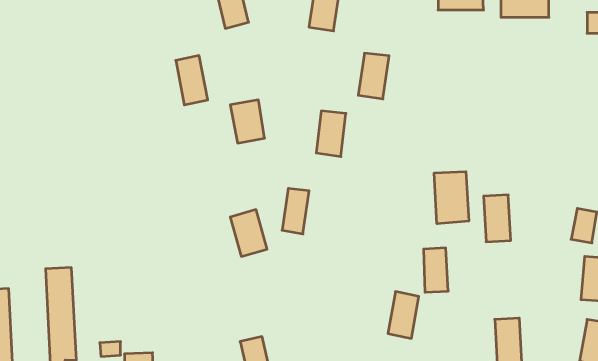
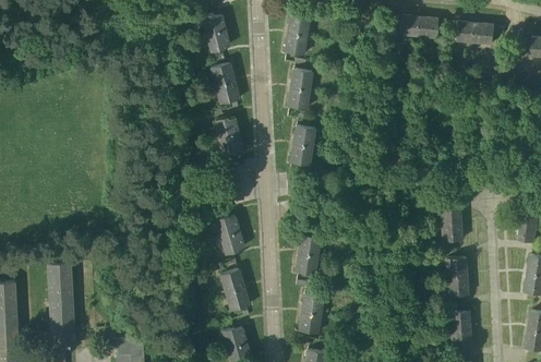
building: [358,53,389,99] -> [286,69,313,109]
building: [176,56,208,105] -> [209,61,238,105]
building: [434,172,469,224] -> none
building: [282,188,309,234] -> [293,233,317,274]
building: [424,248,448,292] -> [445,256,467,295]
building: none -> [217,267,250,311]
building: [388,292,419,338] -> [296,292,323,334]

